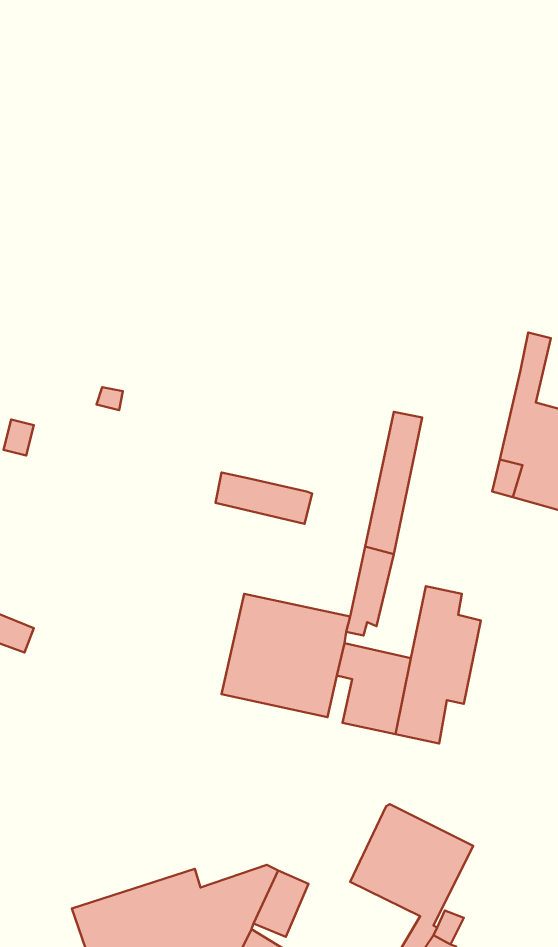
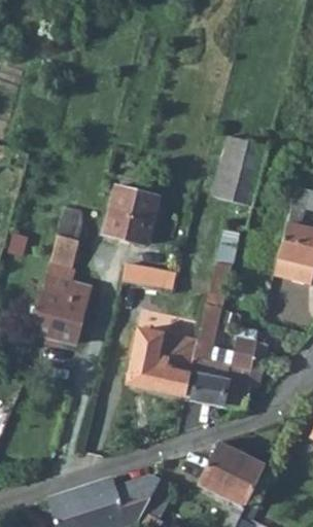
building: none -> [212,134,268,205]
building: none -> [103,185,160,243]
building: none -> [34,234,91,343]

